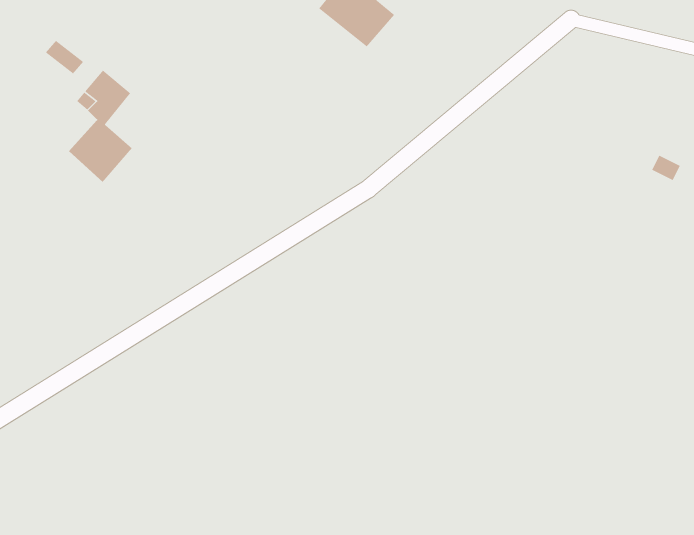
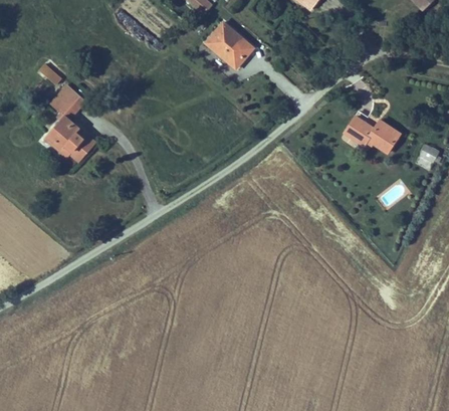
building: none -> [343,112,399,148]

